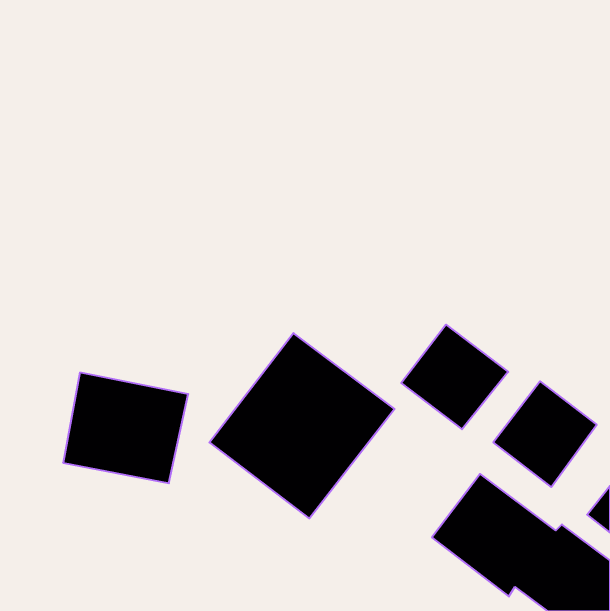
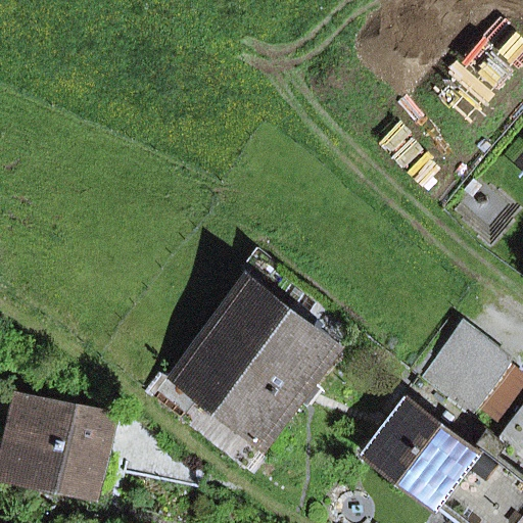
building: [401,325,508,429] -> none
building: [63,373,188,483] -> [7,397,113,491]

